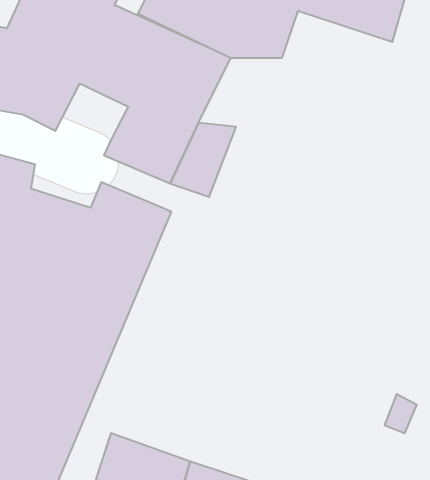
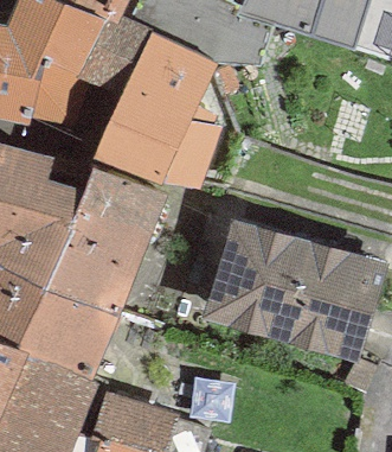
building: none -> [212,227,373,345]

